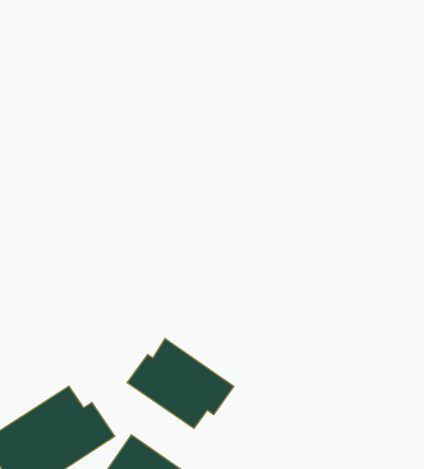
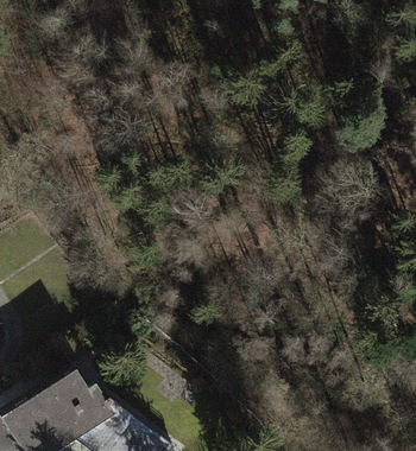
building: [127,338,234,428] -> none

